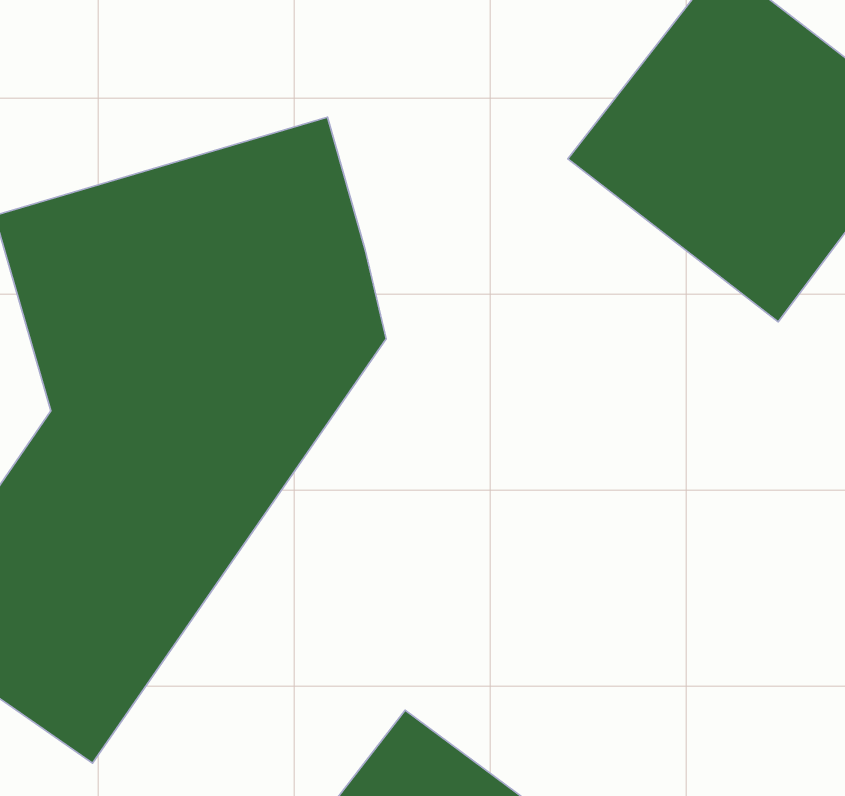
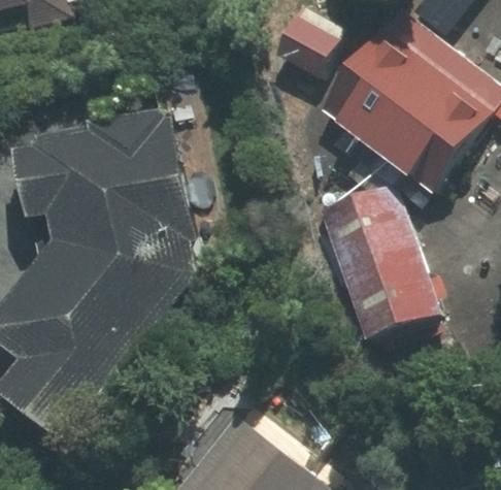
building: none -> [322,187,449,397]

